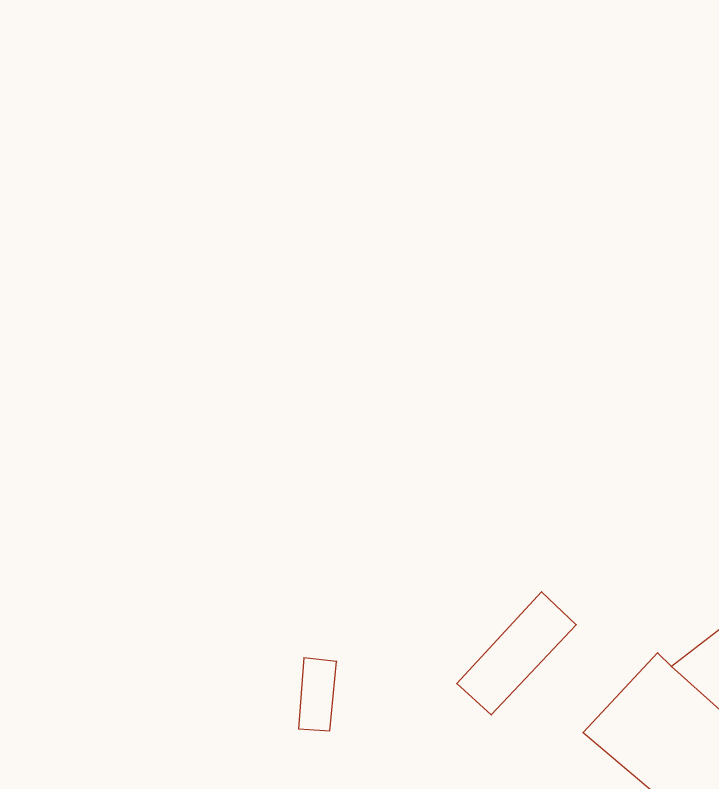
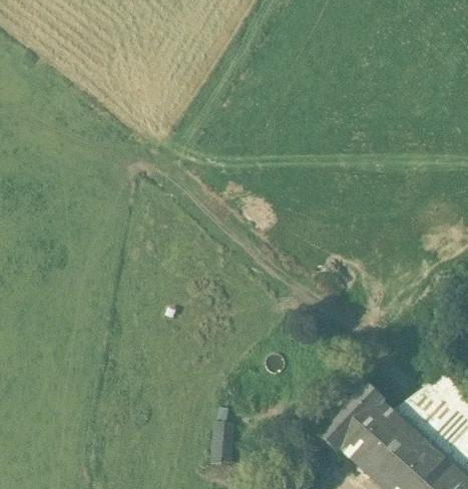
building: [457,592,576,715] -> [318,384,387,455]
building: [299,658,337,731] -> [212,423,235,465]

